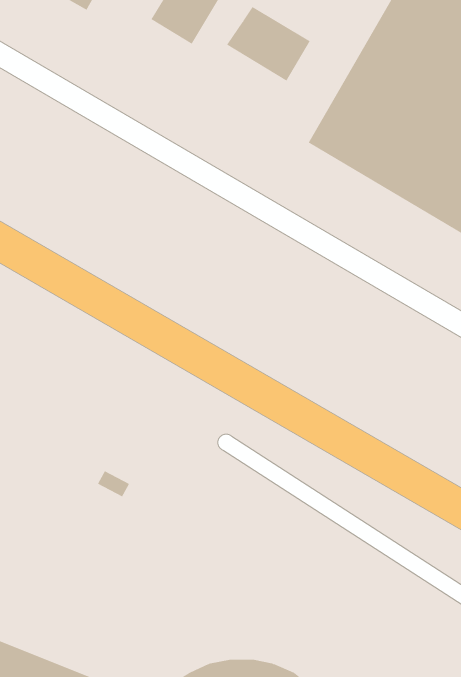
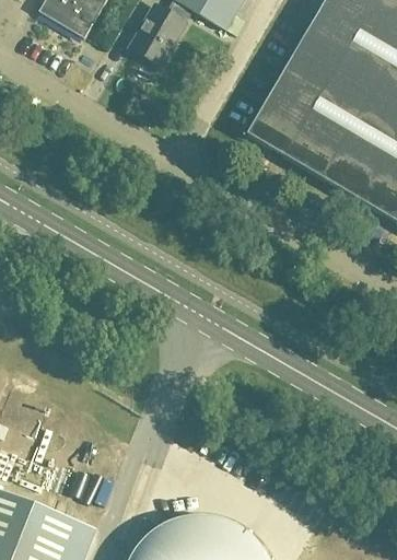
building: [225,6,311,81] -> none

